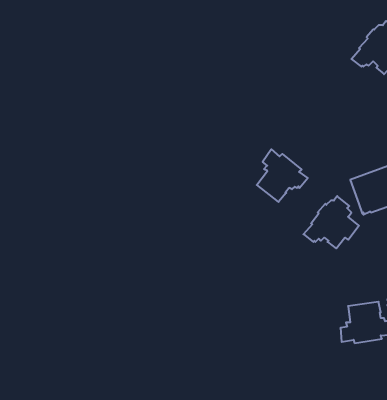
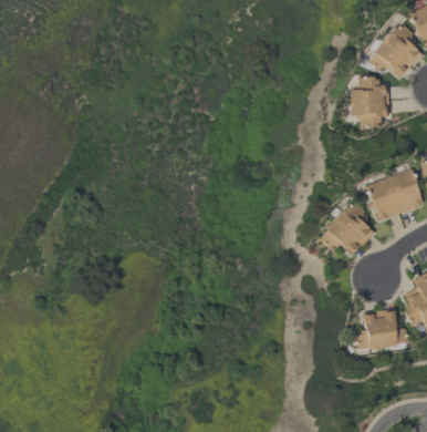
building: none -> [350,76,389,127]
building: [257,149,308,202] -> none

